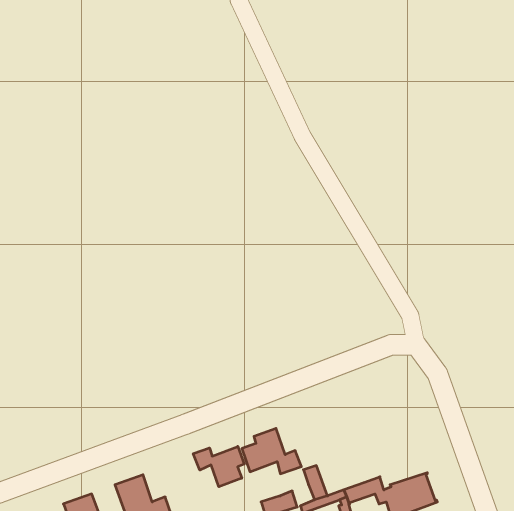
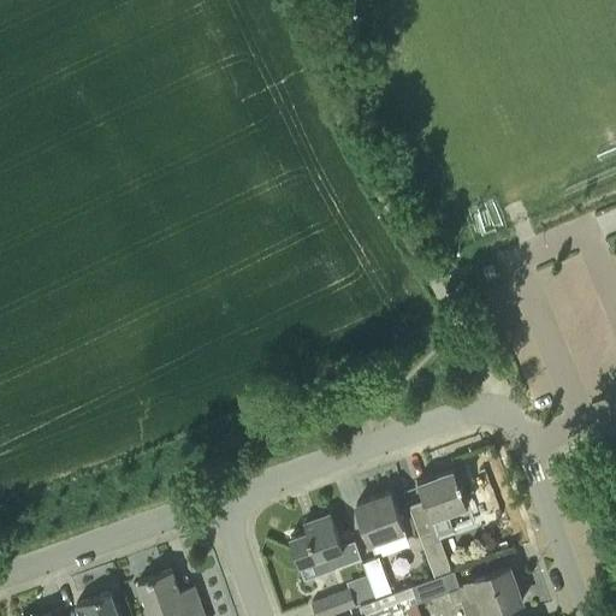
building: none -> [408,470,467,581]
building: none -> [356,494,407,556]
building: [193,446,244,487] -> none

